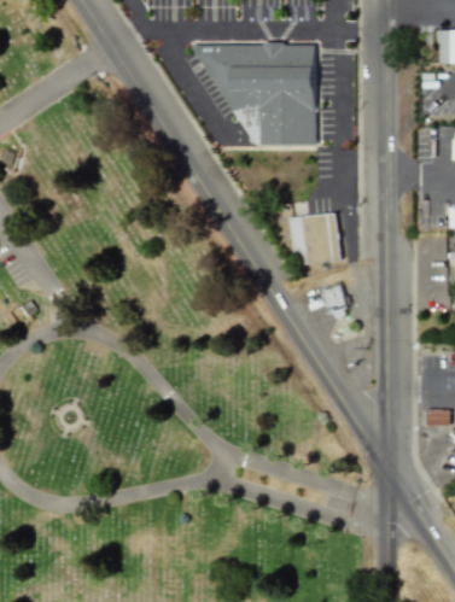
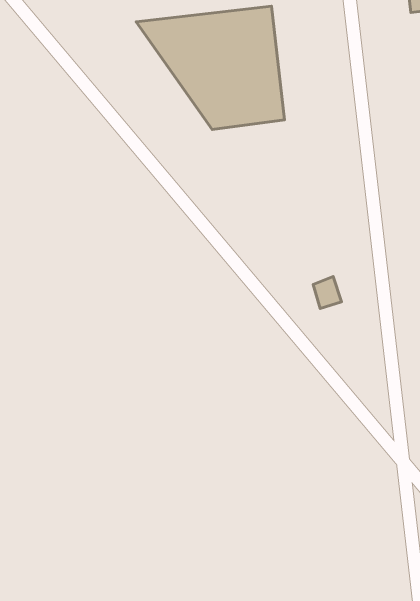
building: [290,212,340,264] -> none

